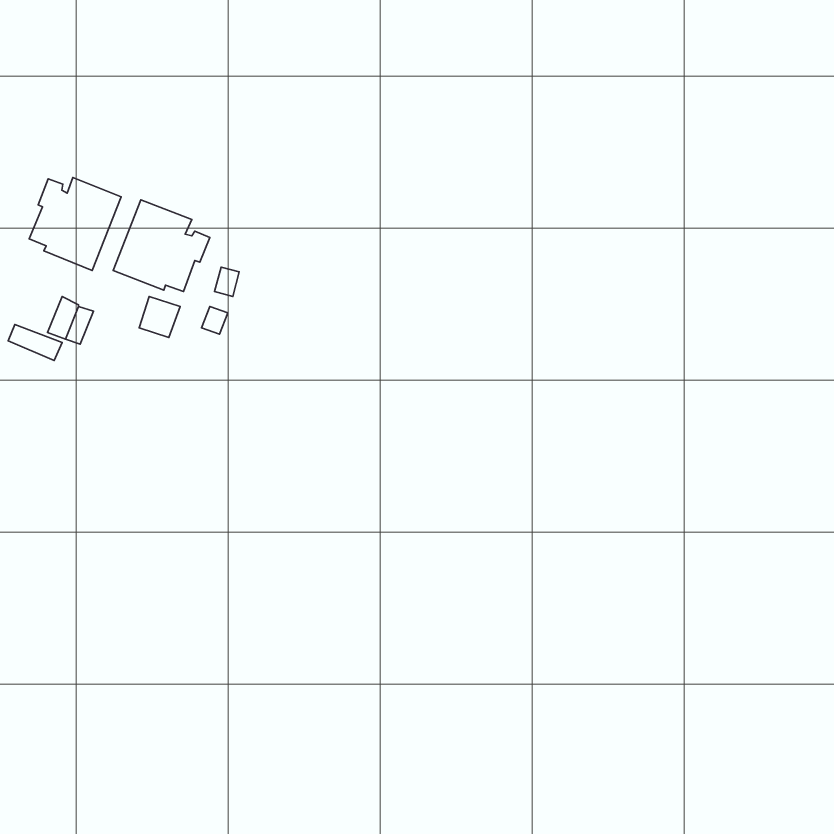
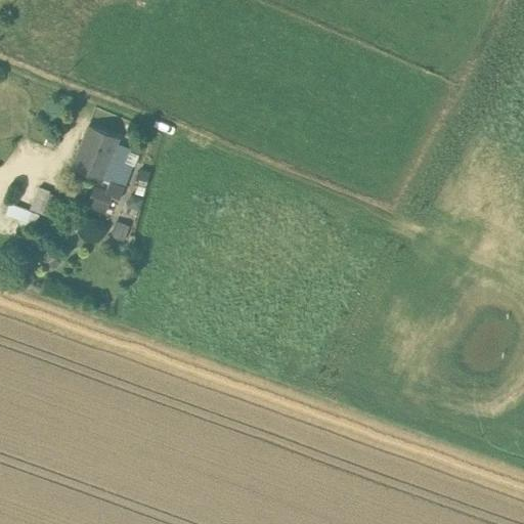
building: [29,177,121,270] -> none

